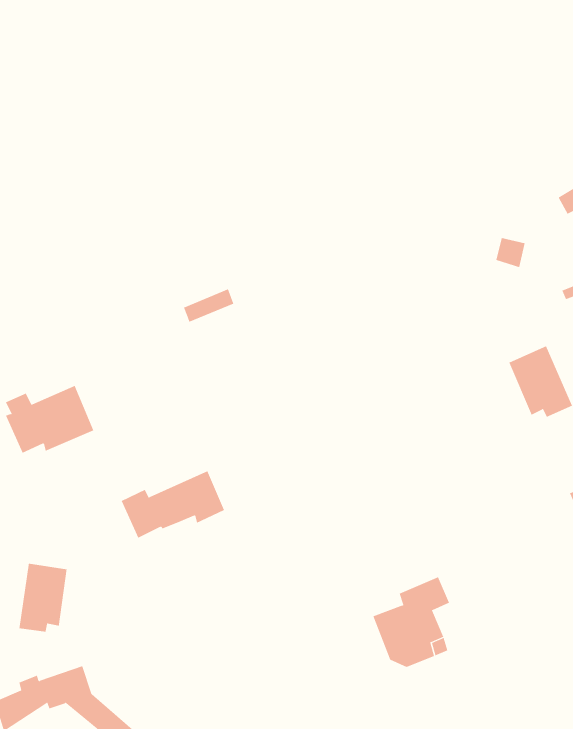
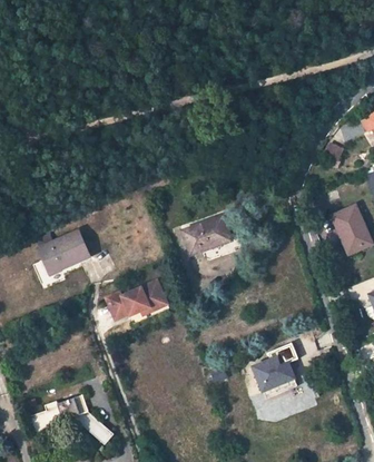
building: none -> [181,215,232,254]
building: [19,563,67,633] -> none

